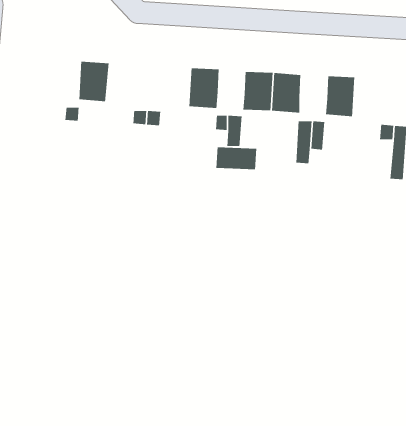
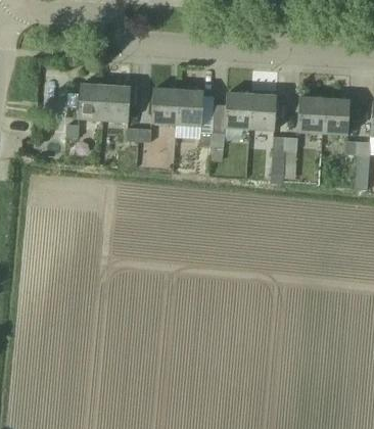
building: none -> [102,85,130,121]
building: none -> [151,88,178,124]
building: none -> [322,97,349,134]
building: [215,147,257,170] -> none

